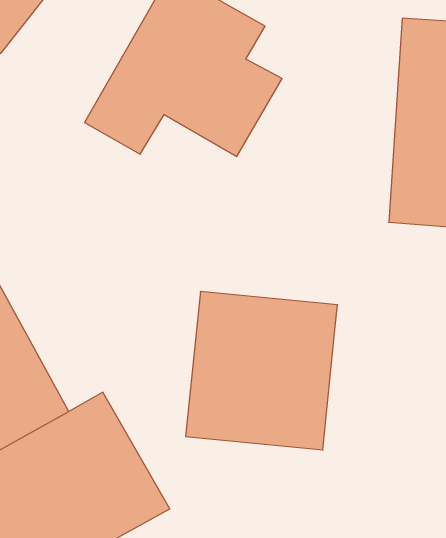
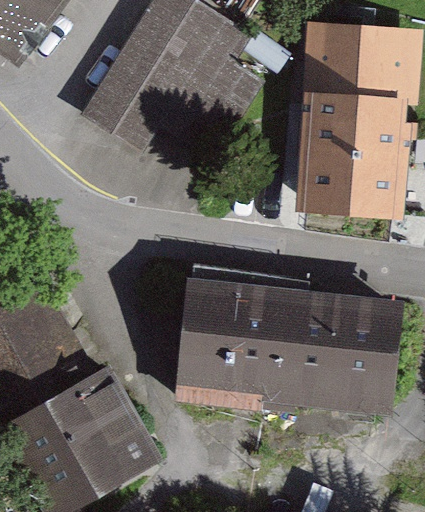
building: none -> [290,22,366,206]
building: none -> [296,295,399,416]

